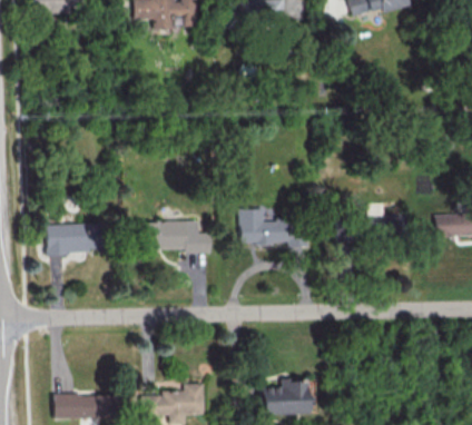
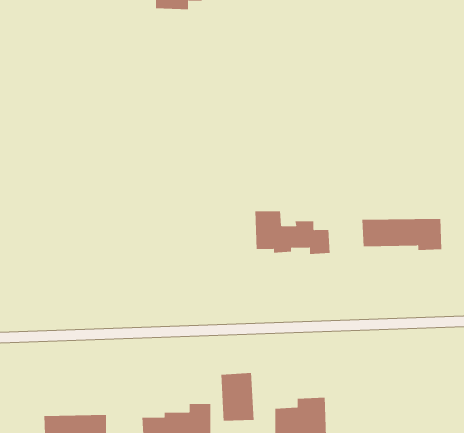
building: [137,223,215,255] -> none
building: [52,226,110,248] -> none
building: none -> [221,372,254,421]

